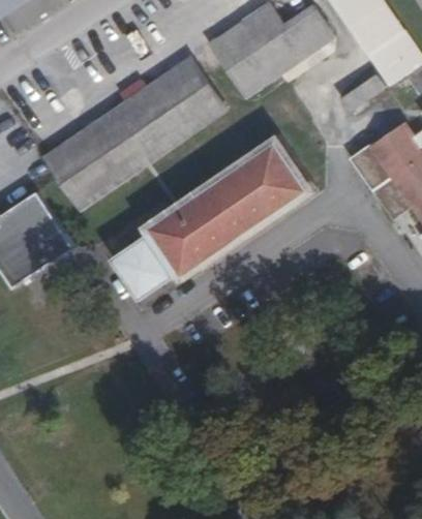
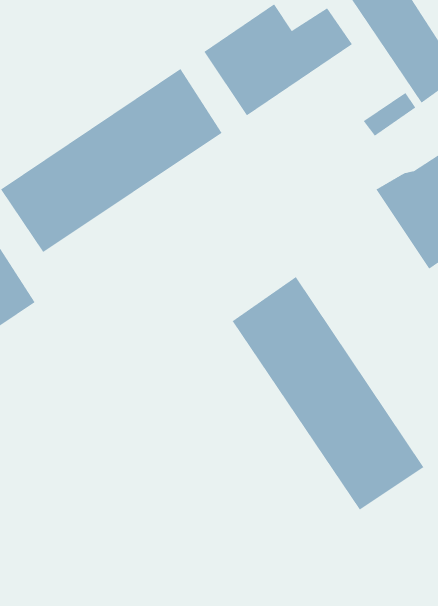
building: [114,141,308,298] -> none
building: none -> [232,276,424,510]

